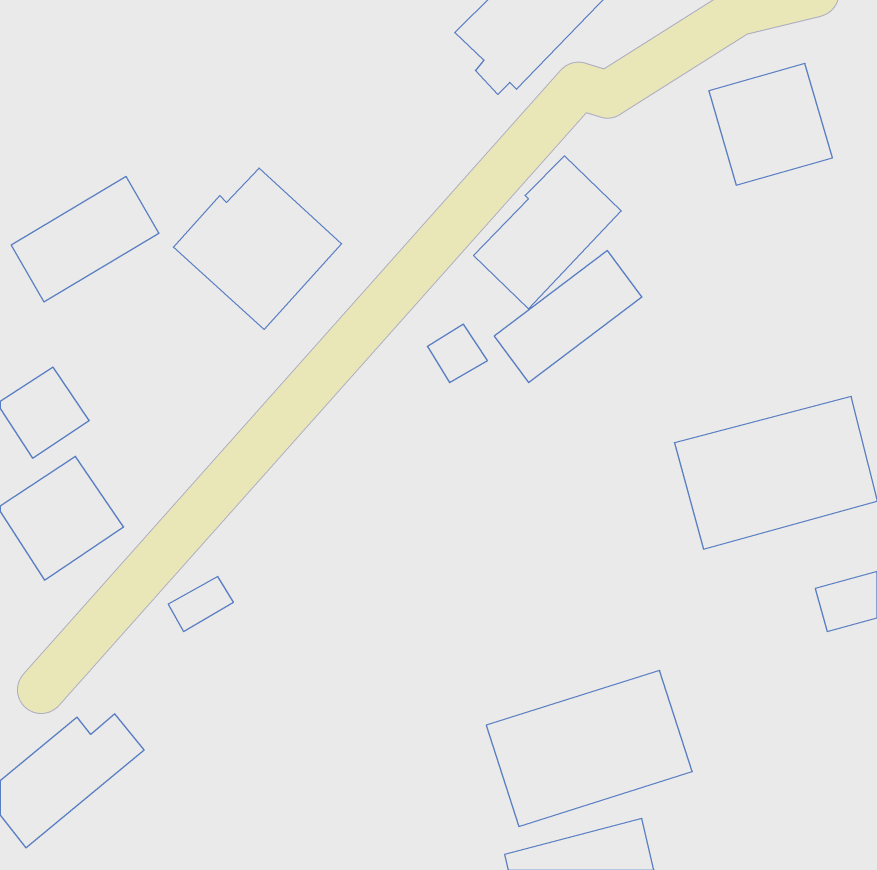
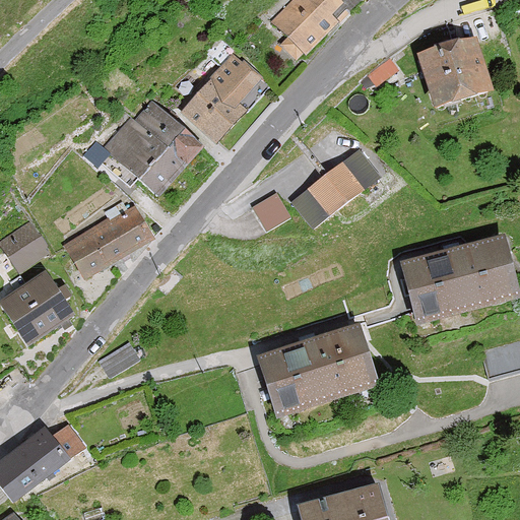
building: [474,156,621,309] -> [181,50,268,140]
building: [11,177,159,302] -> [64,203,151,277]
building: [486,670,692,826] -> [257,324,379,416]

